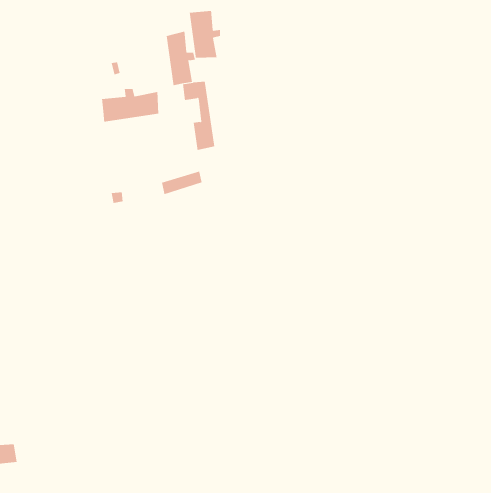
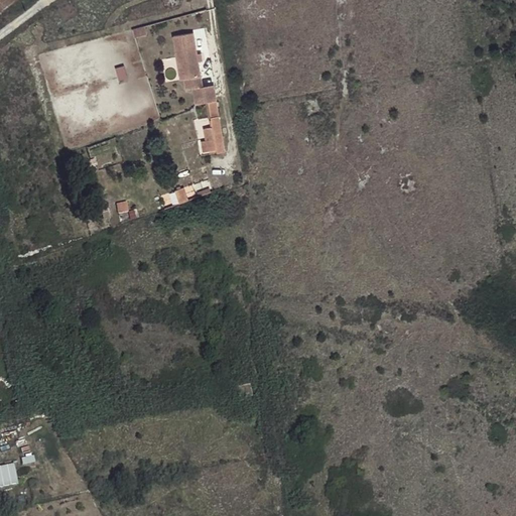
building: [189,10,221,59] -> none
building: [102,88,159,122] -> none

